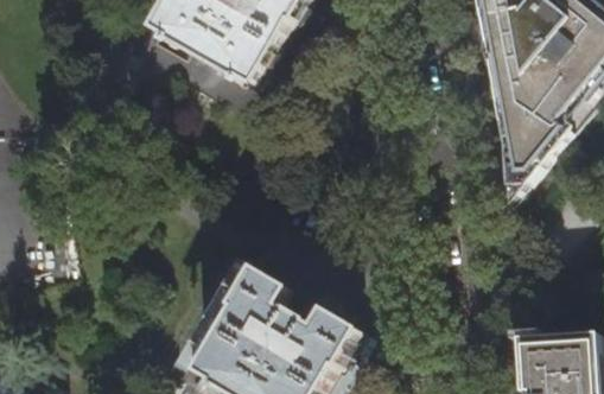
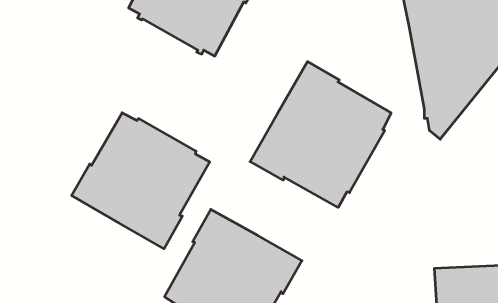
building: none -> [250,62,391,207]
building: none -> [72,113,210,249]

